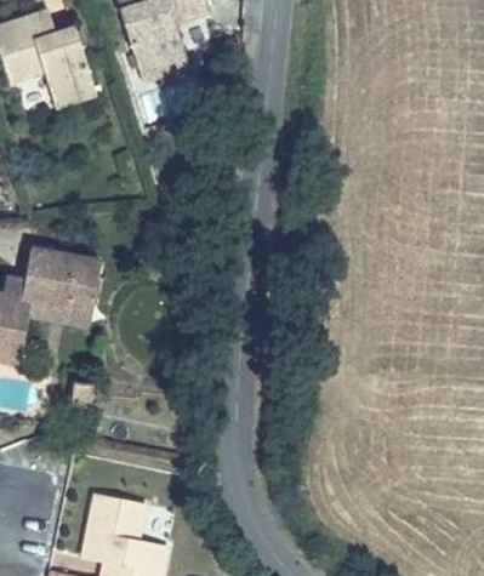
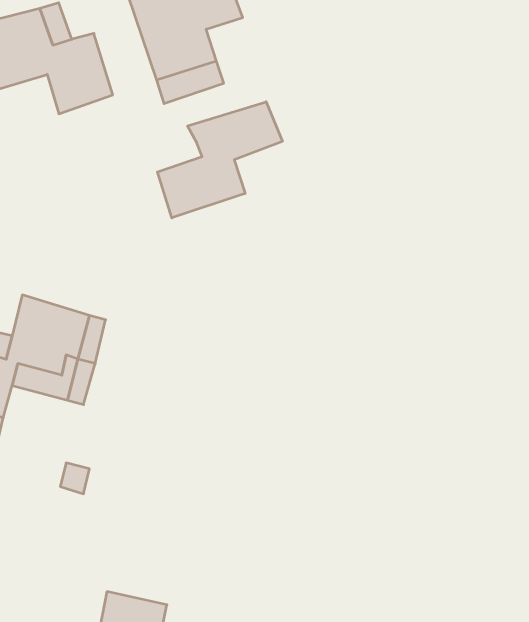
building: none -> [157,102,282,218]

